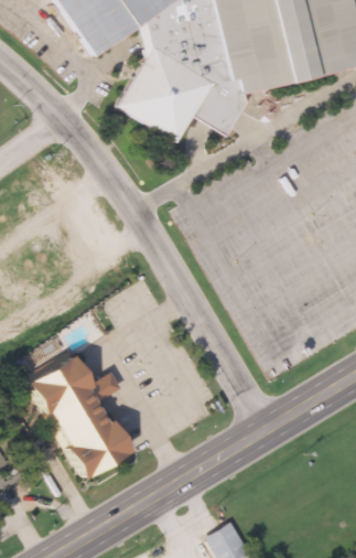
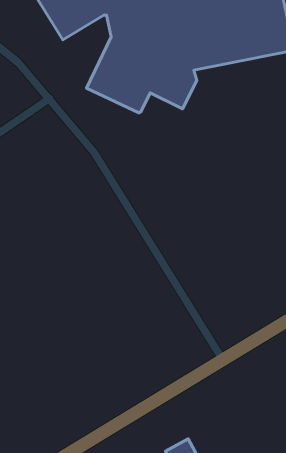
building: [25,353,129,480] -> none

